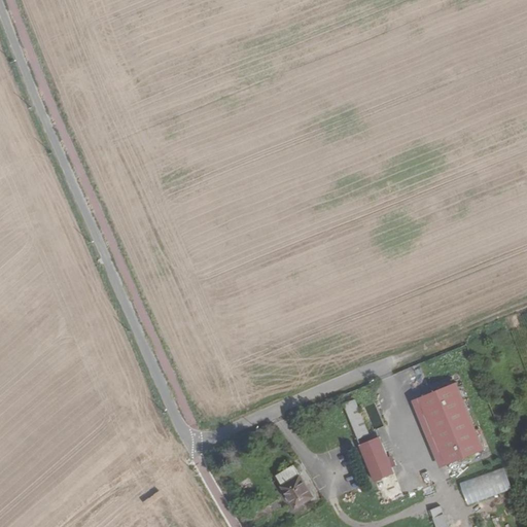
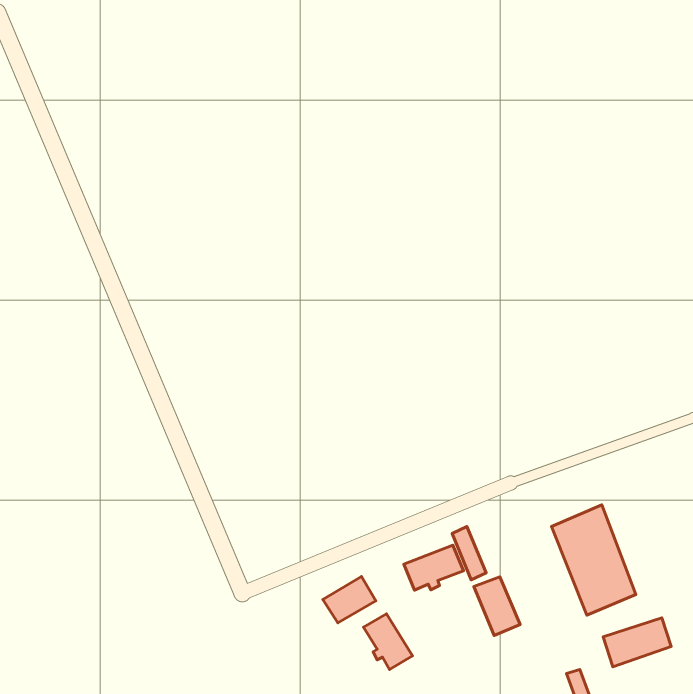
building: none -> [404,545,463,590]
building: none -> [323,576,376,623]

